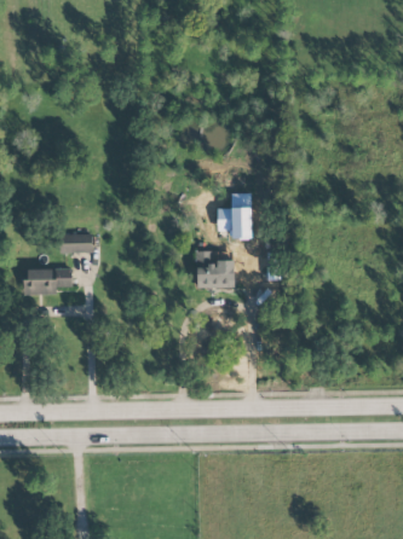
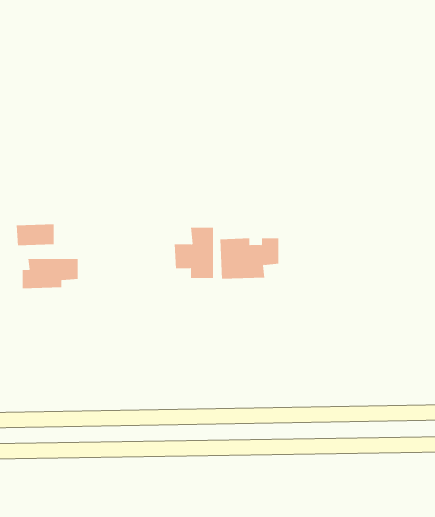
building: [215,193,251,238] -> [174,227,214,279]
building: [58,233,92,253] -> [16,224,55,246]

